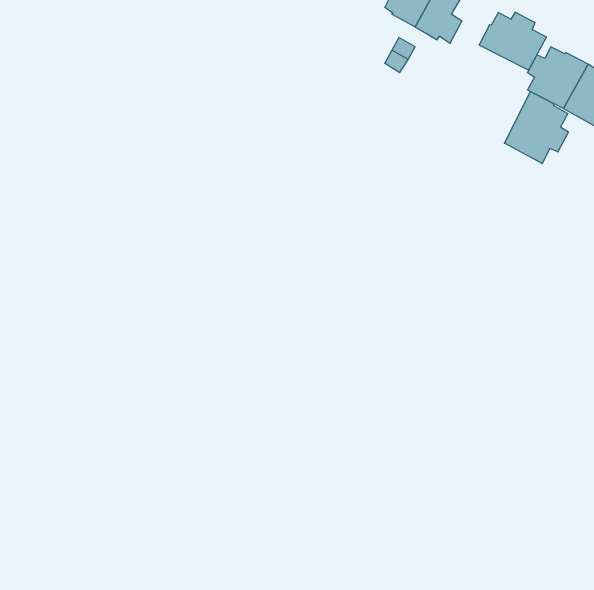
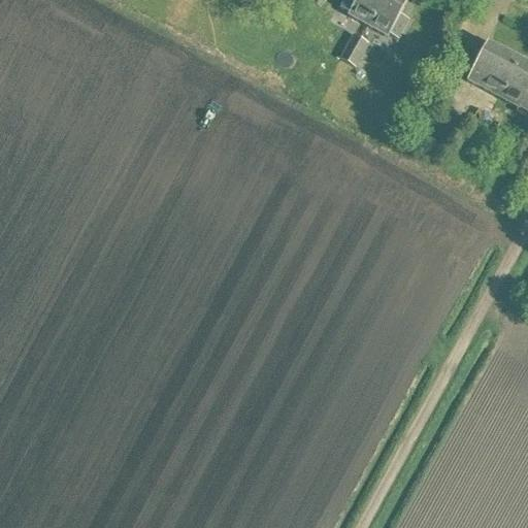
building: [479,12,546,70] -> none
building: [504,92,568,164] -> none

